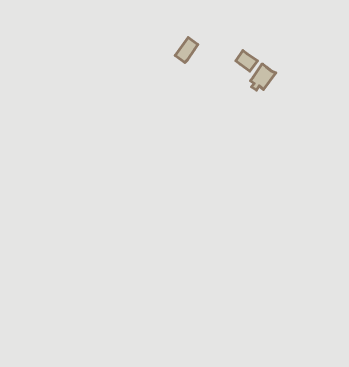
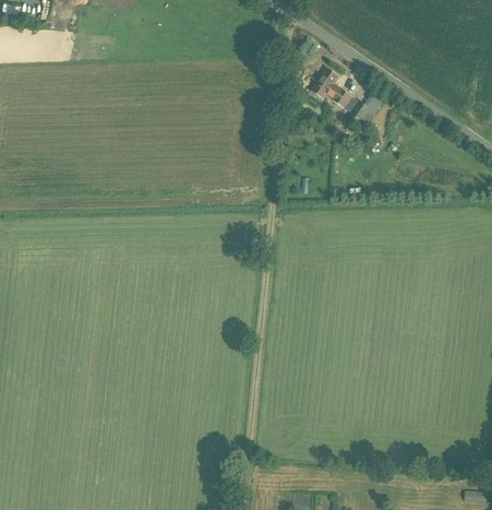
building: [175,37,198,63] -> [311,67,339,98]

